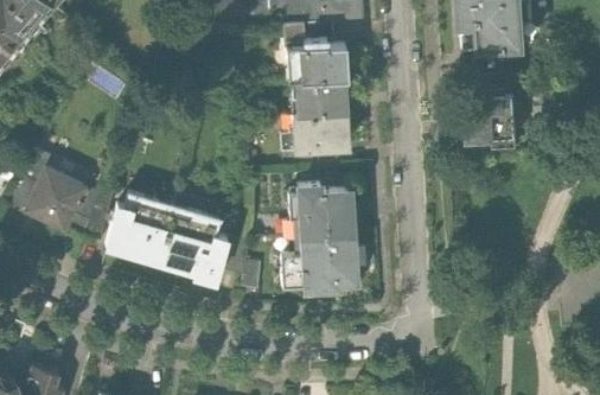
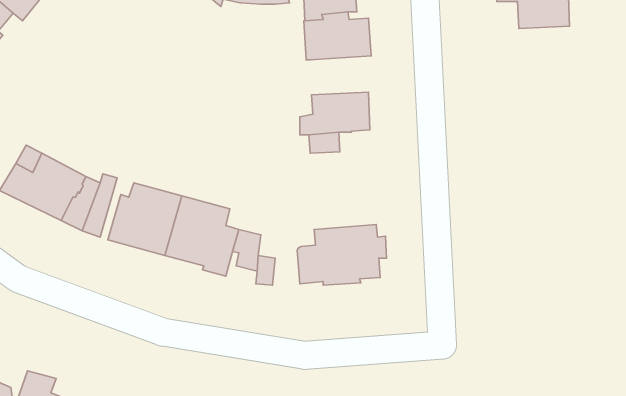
building: [292,78,349,114] -> none
building: [468,98,517,142] -> none
building: [288,184,359,237] -> none

